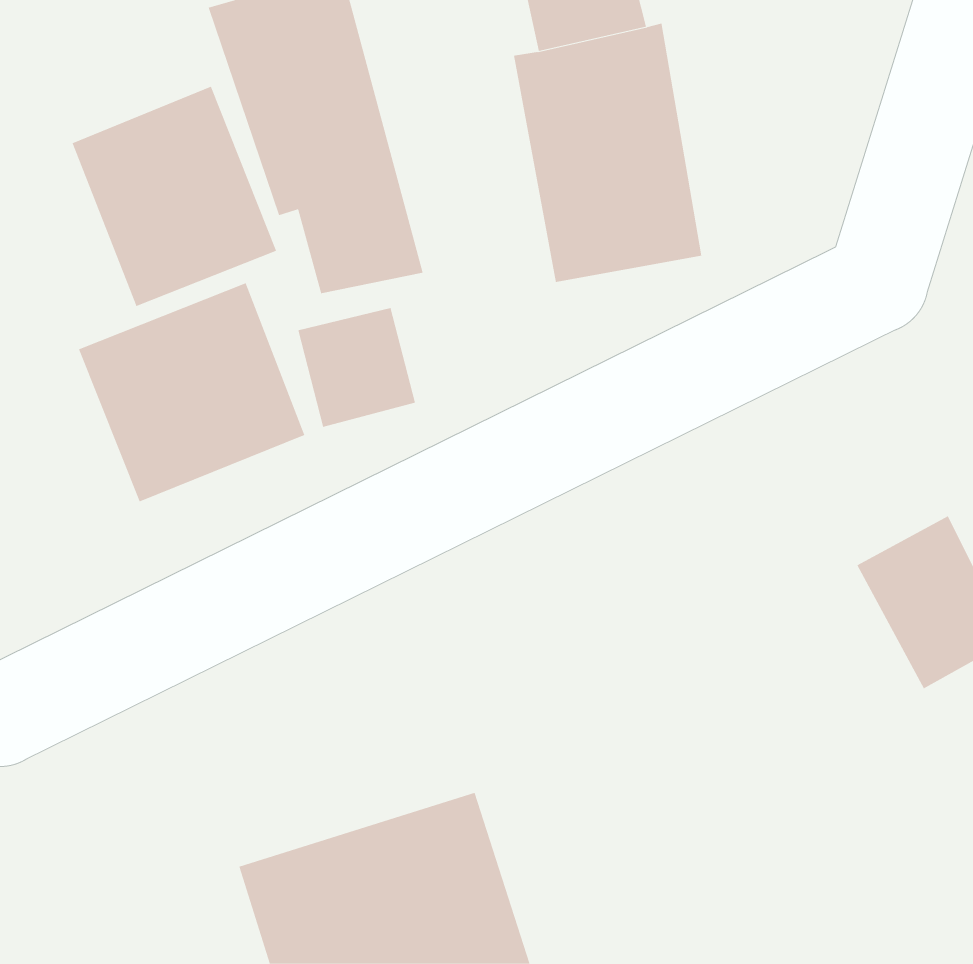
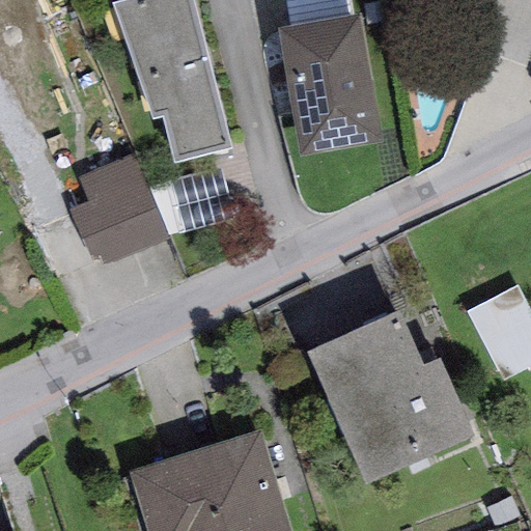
building: [72,86,277,307] -> none
building: none -> [308,313,475,486]

